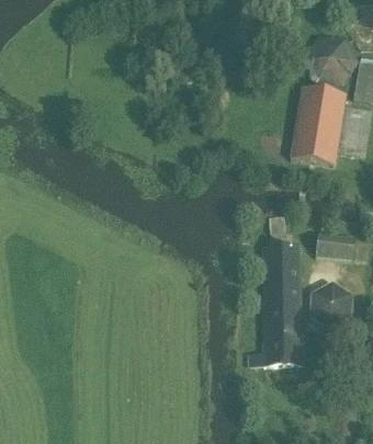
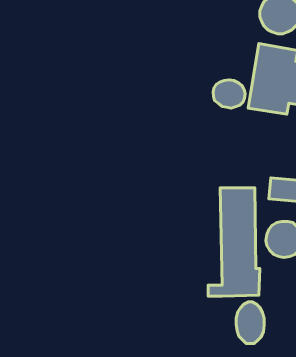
building: none -> [213,80,245,108]
building: none -> [236,302,264,344]

